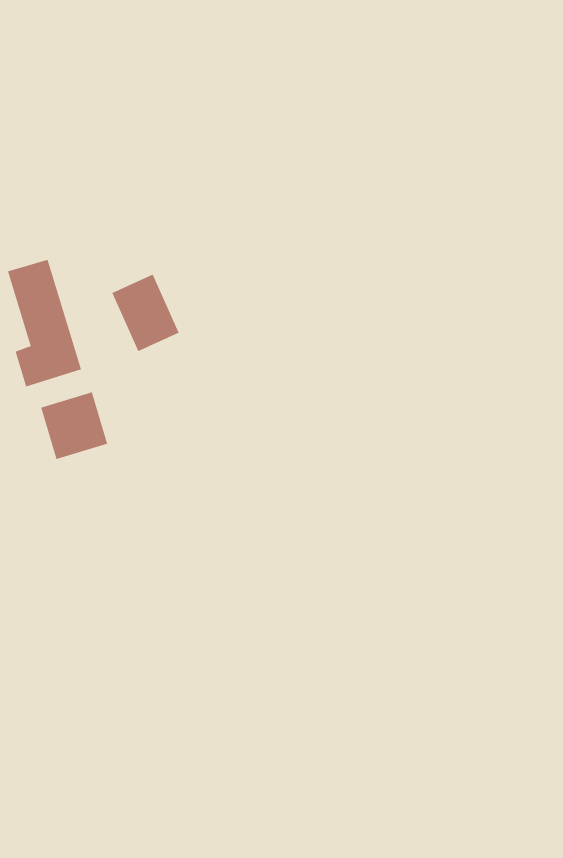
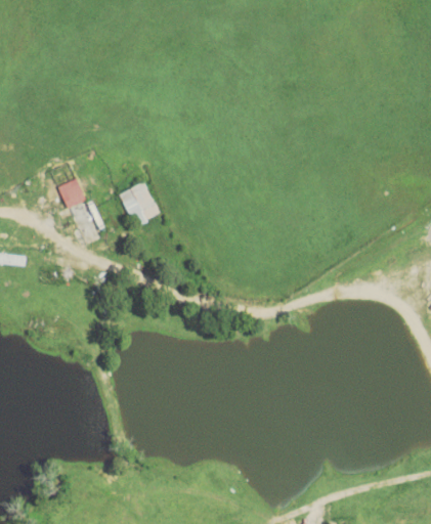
building: [40,391,108,460] -> none

